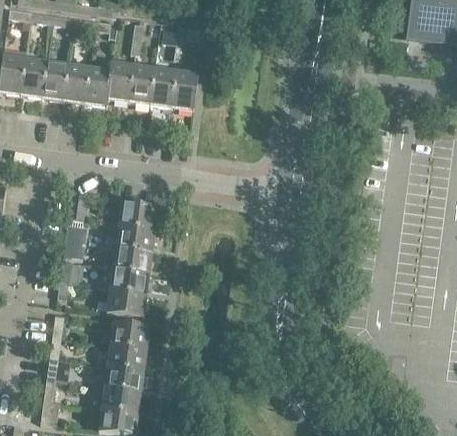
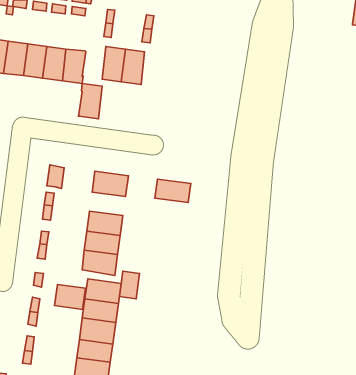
building: [107,60,133,99] -> [79,84,102,119]
building: [172,69,198,108] -> none
building: [115,224,155,250] -> [155,179,191,203]
building: none -> [119,271,140,299]
building: none -> [55,285,85,309]

